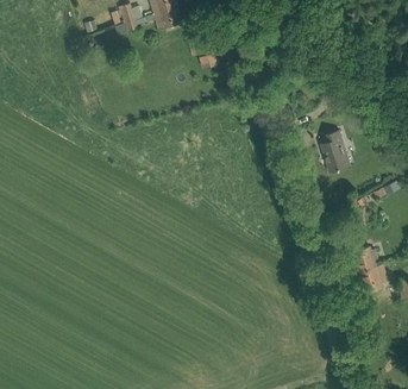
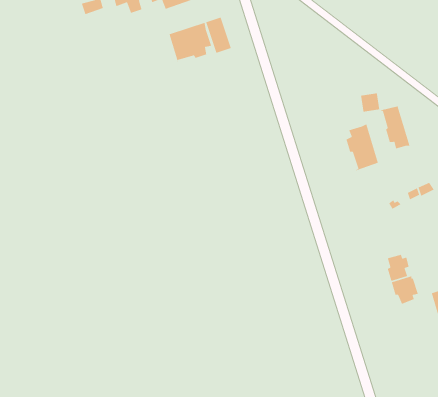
building: none -> [169,22,212,64]
building: none -> [380,106,410,150]

